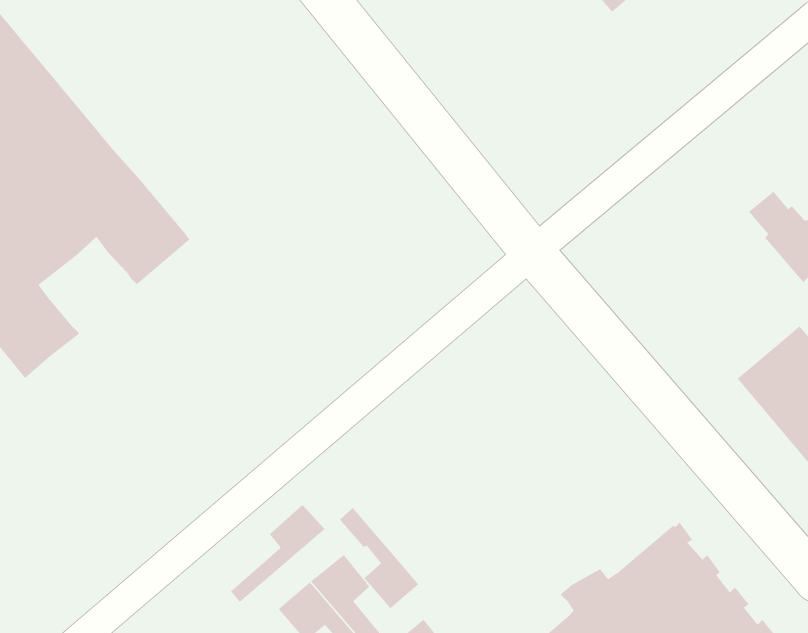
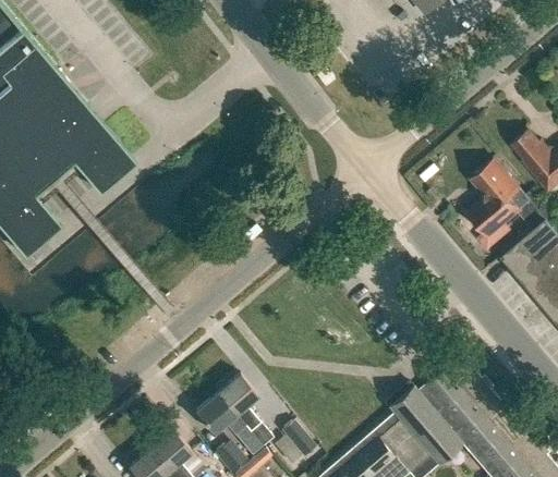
building: none -> [468,161,530,238]
building: [230,504,326,603] -> none
building: [339,507,419,609] -> none

